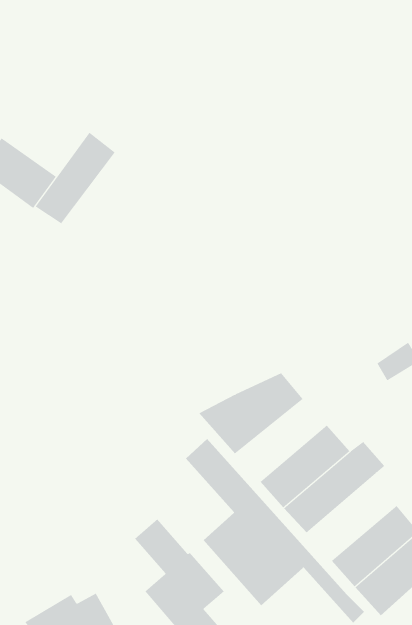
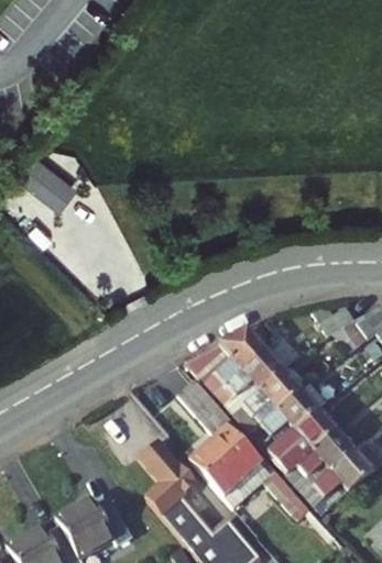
building: [35,132,116,224] -> none
building: none -> [214,351,283,413]
building: none -> [268,407,336,473]

